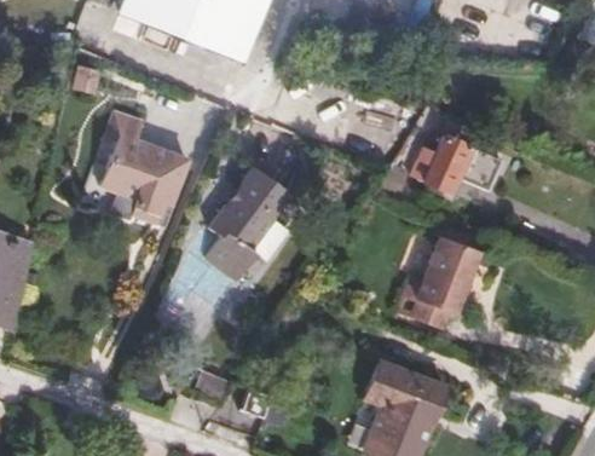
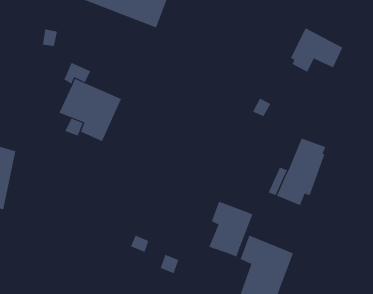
building: [423,134,501,200] -> [290,27,343,72]
building: [203,169,285,283] -> none
building: none -> [209,201,253,258]

